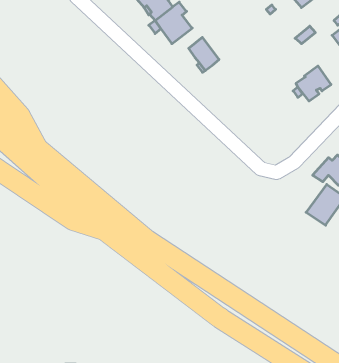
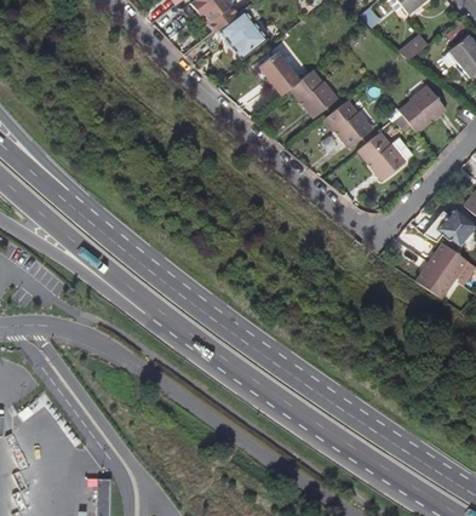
building: none -> [292,70,339,117]
building: none -> [327,101,373,148]
building: none -> [359,133,406,182]

